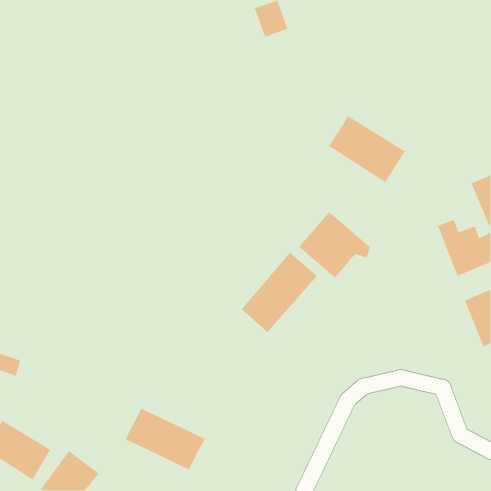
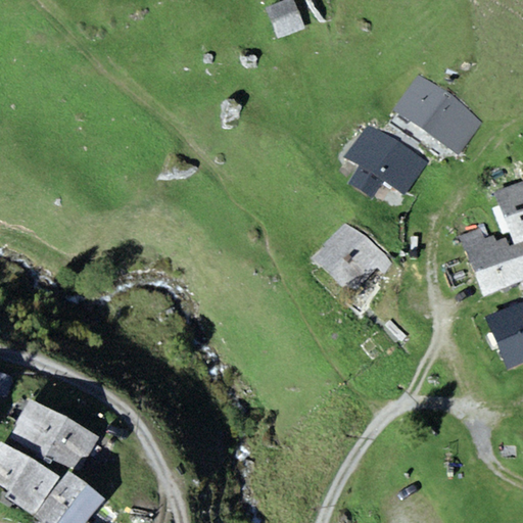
building: none -> [397,81,480,150]
building: [241,252,318,333] -> none
building: [124,408,206,470] -> [15,403,101,470]

